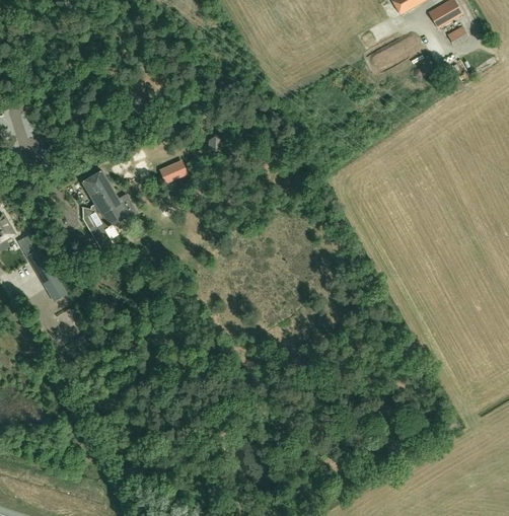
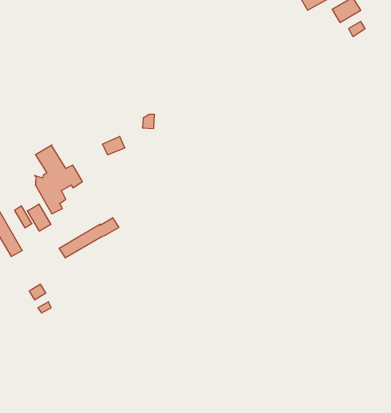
building: none -> [27,204,51,231]
building: none -> [59,218,119,258]

